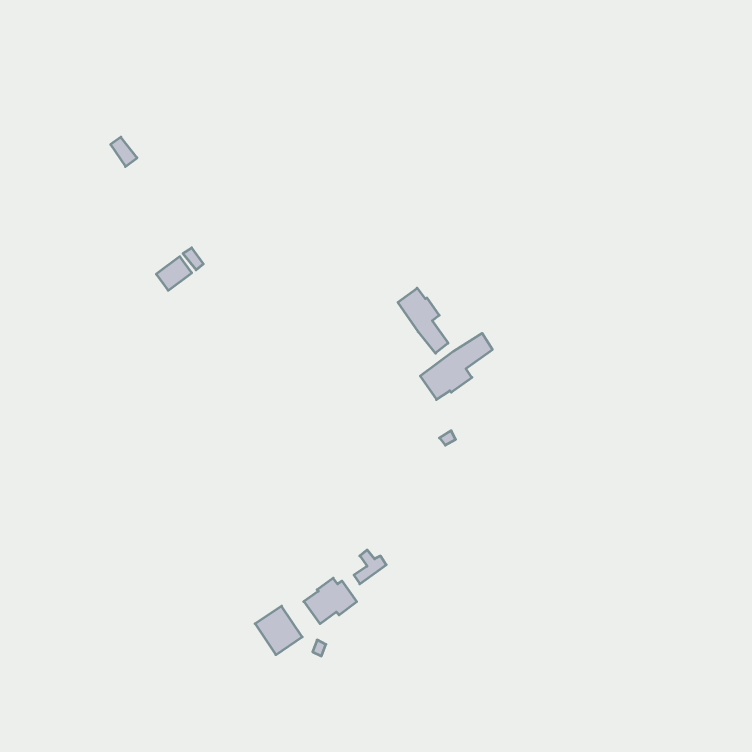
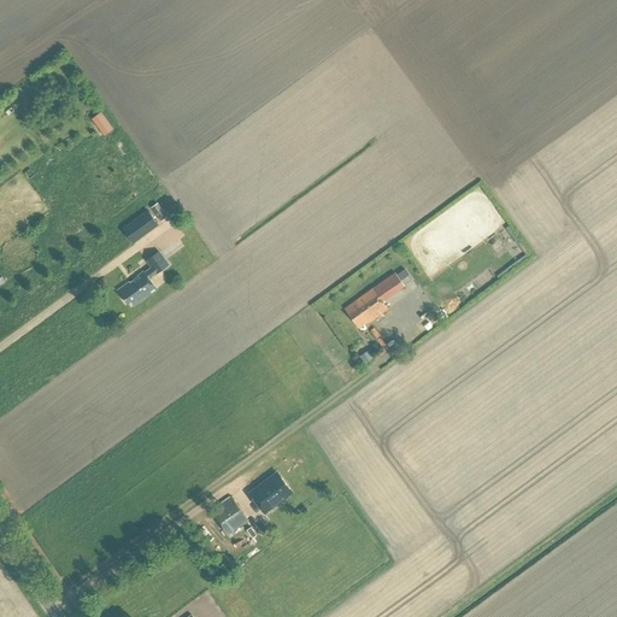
building: [398,288,448,353] -> none
building: none -> [116,253,168,306]

